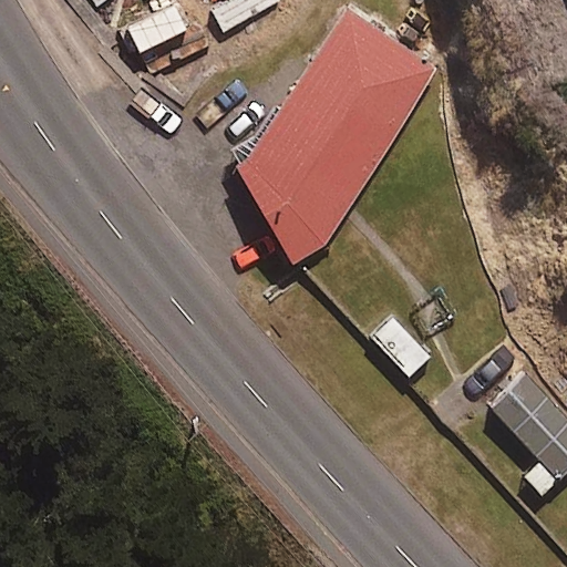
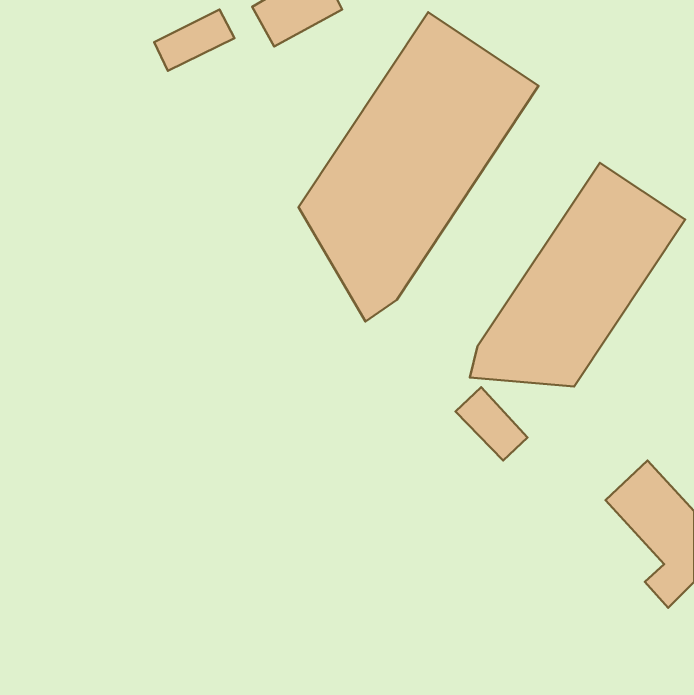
building: none -> [470,163,685,387]

